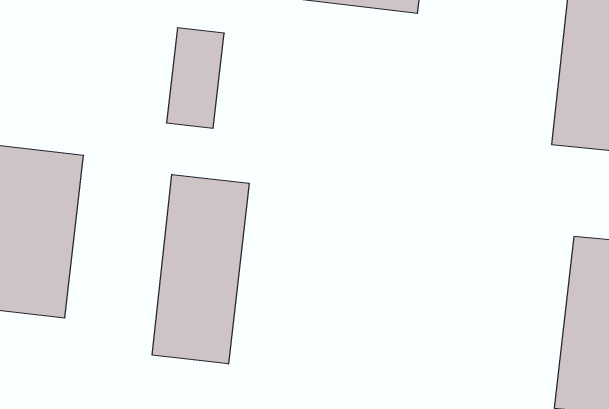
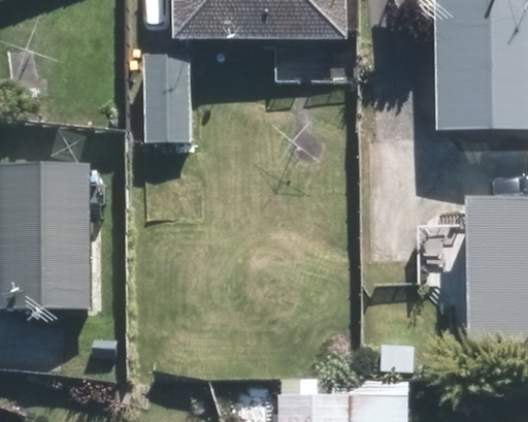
building: [152,174,249,364] -> none

